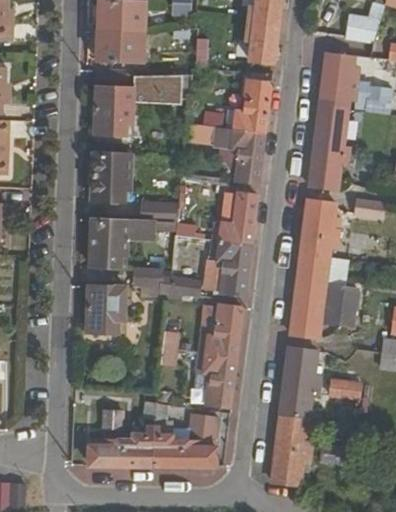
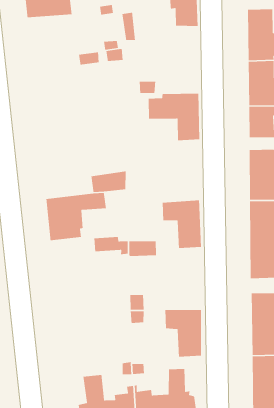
building: [96,30,145,63] -> none
building: [94,71,133,134] -> none
building: [226,78,272,133] -> none
building: [91,152,131,201] -> none
building: [193,193,257,244] -> none
building: [85,285,126,333] -> none
building: [197,305,242,358] -> none

